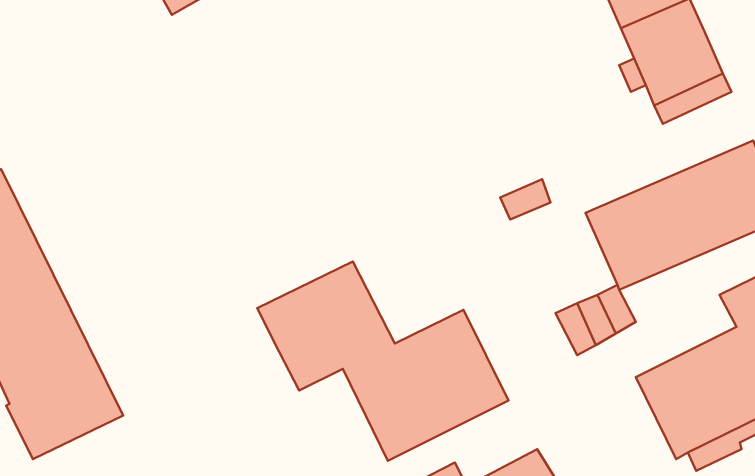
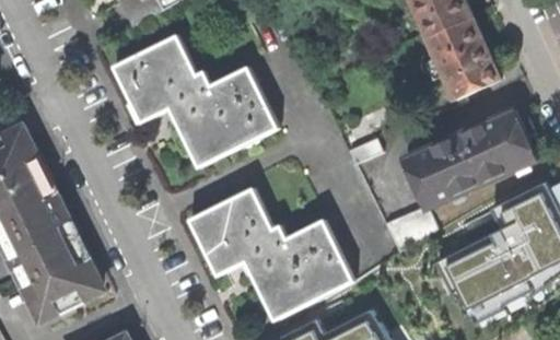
building: none -> [114,34,277,164]

